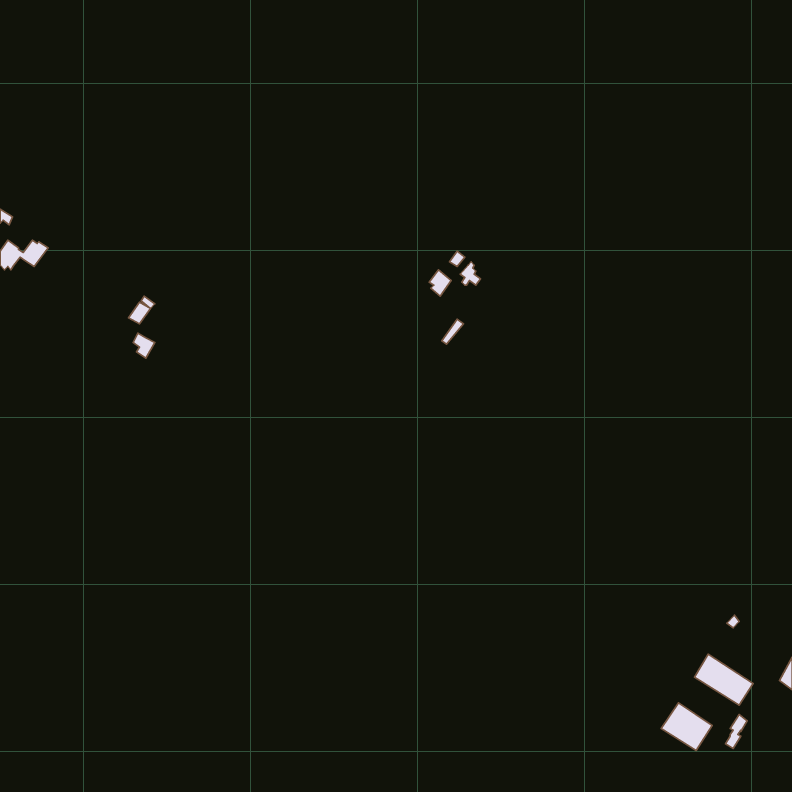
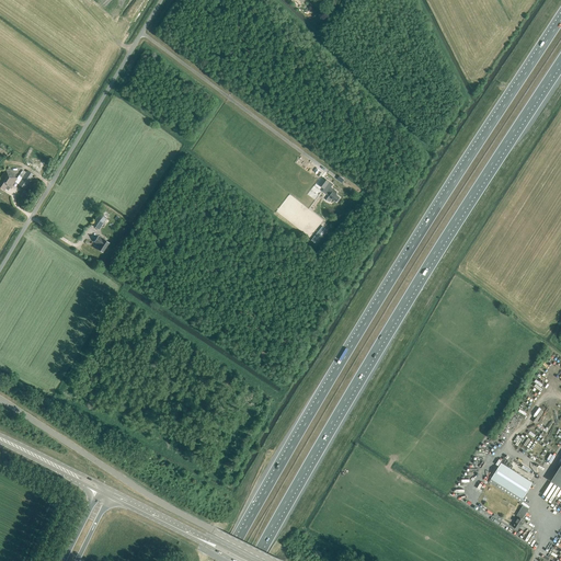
building: [661,703,712,750] -> none

